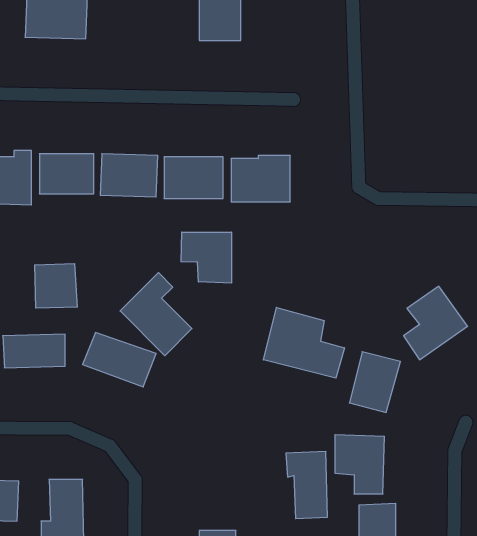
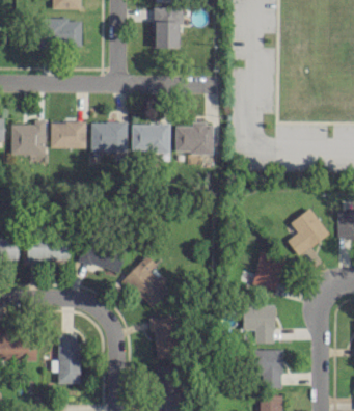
building: [181,232,232,283] -> none
building: [35,264,77,308] -> none
building: [120,273,192,356] -> [122,255,169,309]
building: [263,307,344,378] -> none
building: [286,452,327,519] -> [149,317,176,360]

